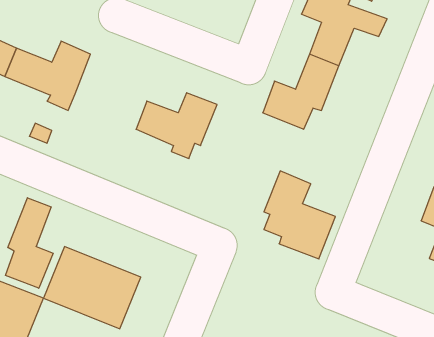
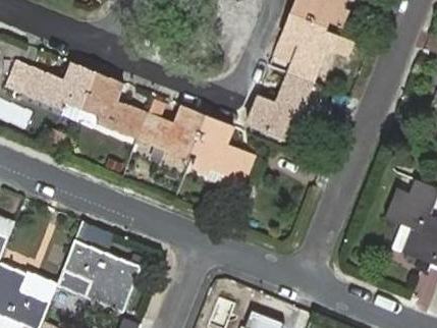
building: none -> [84,72,146,138]
building: [264,171,335,259] -> [193,116,255,193]
building: [5,198,53,288] -> none

